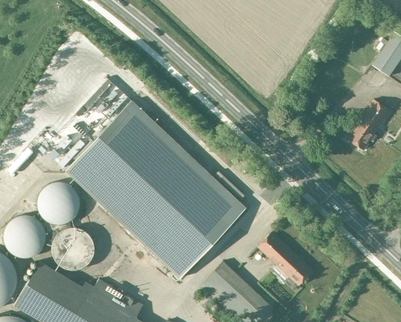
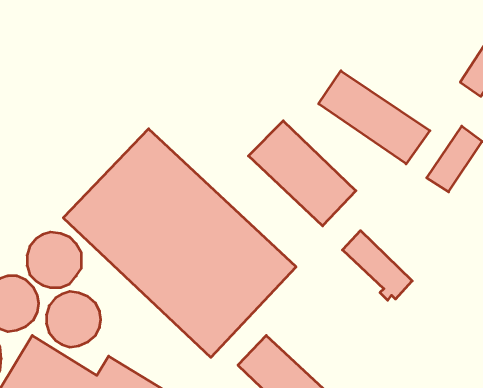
building: none -> [319,71,430,164]
building: none -> [248,121,356,226]
building: [258,233,312,287] -> [342,231,412,300]

